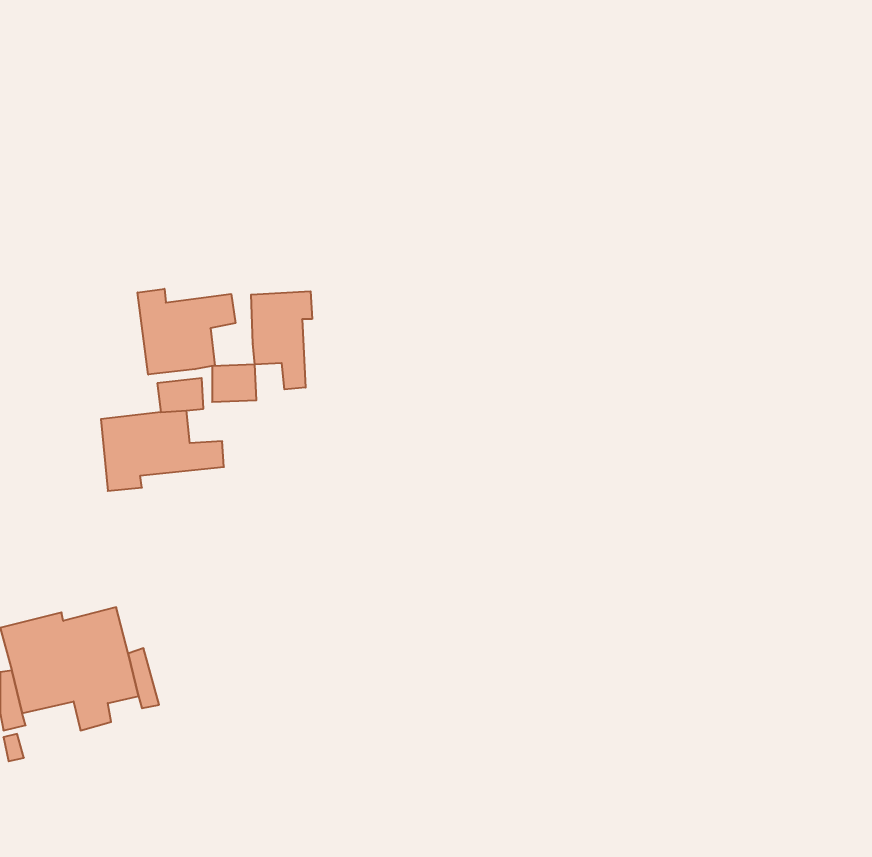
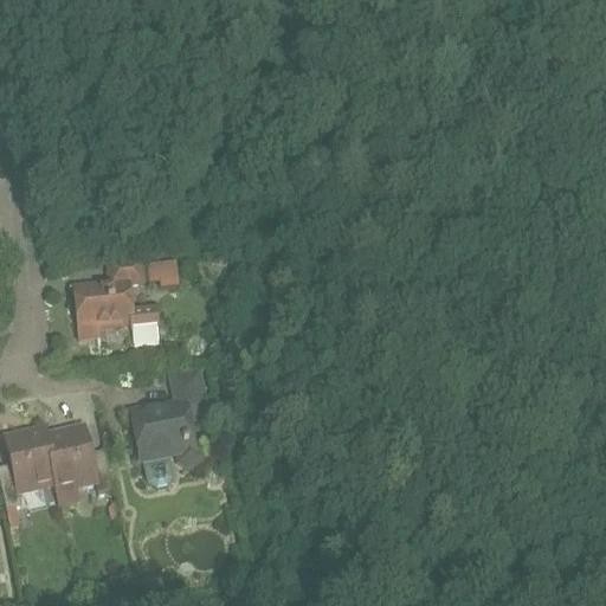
building: [138,289,235,375] -> none
building: [251,291,312,389] -> none
building: none -> [129,368,209,468]

